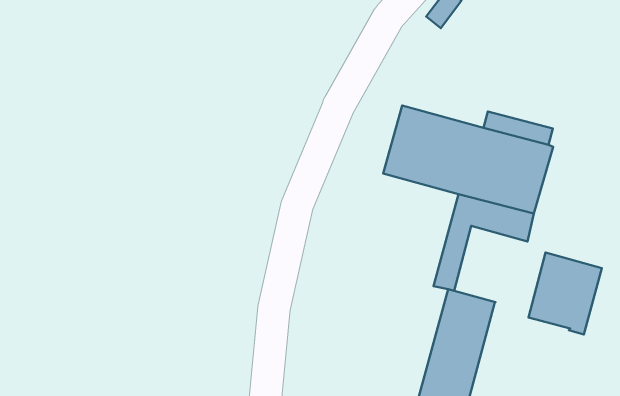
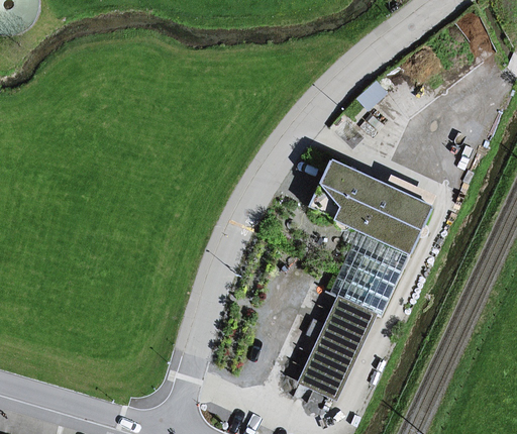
building: [529,252,602,335] -> [343,253,402,317]

